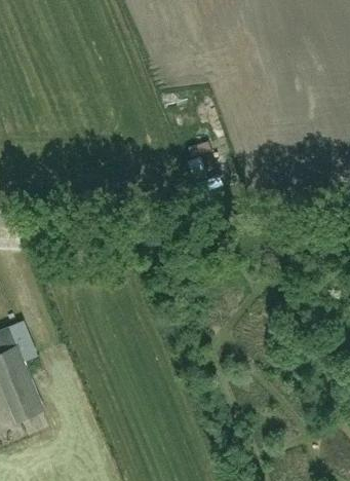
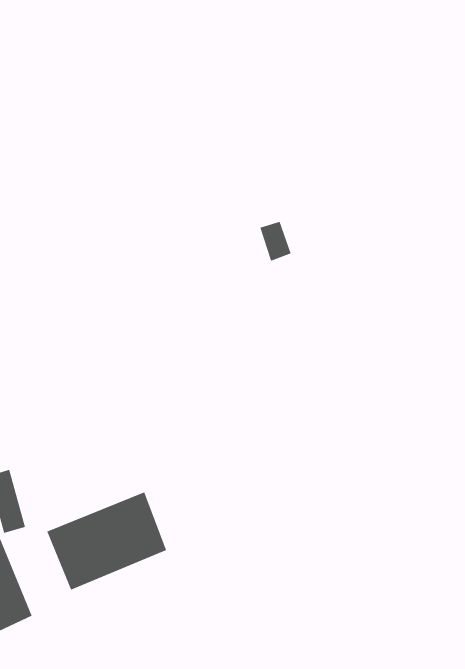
building: none -> [46,491,167,590]

